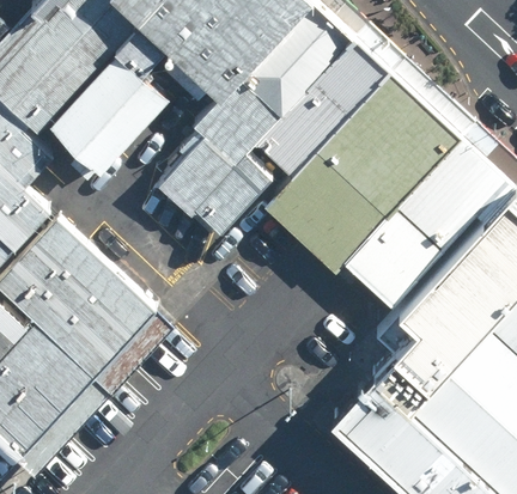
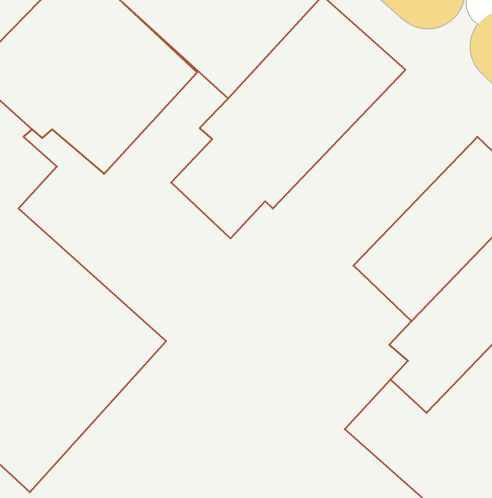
building: [264,71,462,269] -> none

